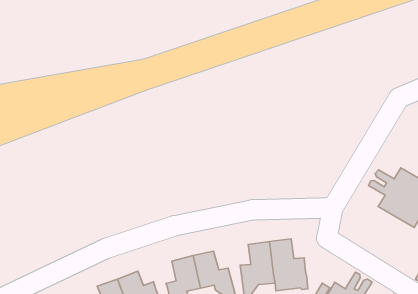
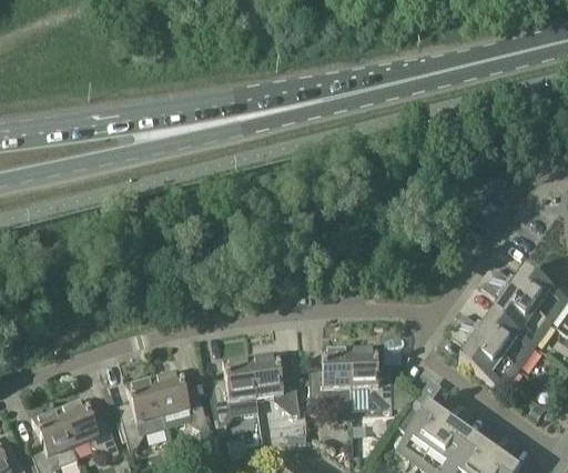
building: none -> [450,314,536,392]

